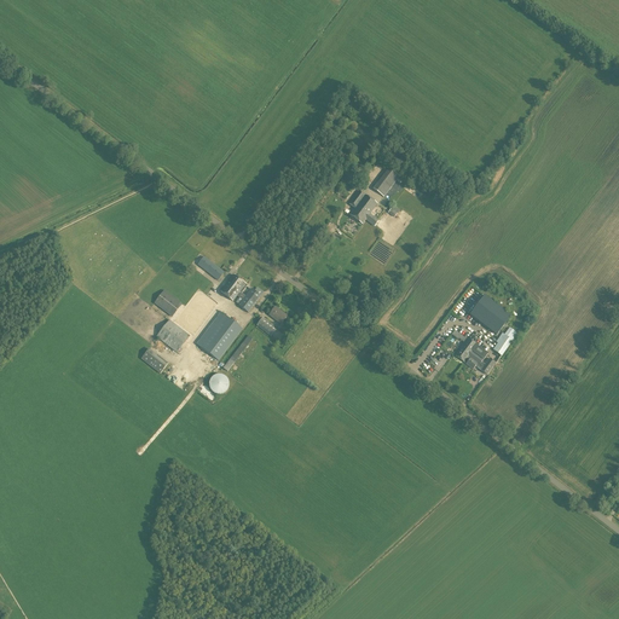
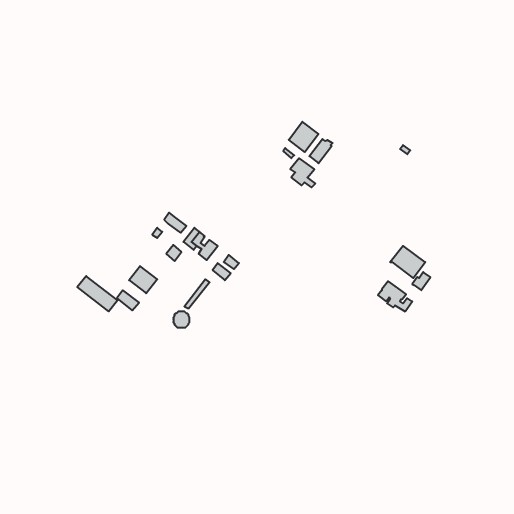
building: none -> [289,122,318,152]
building: [152,289,201,331] -> [77,276,118,311]
building: [195,311,242,360] -> none

